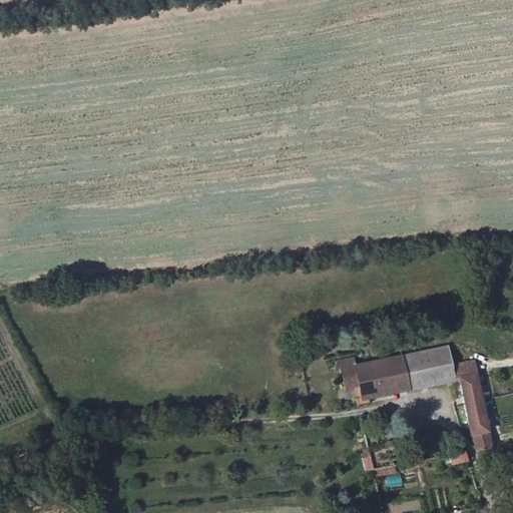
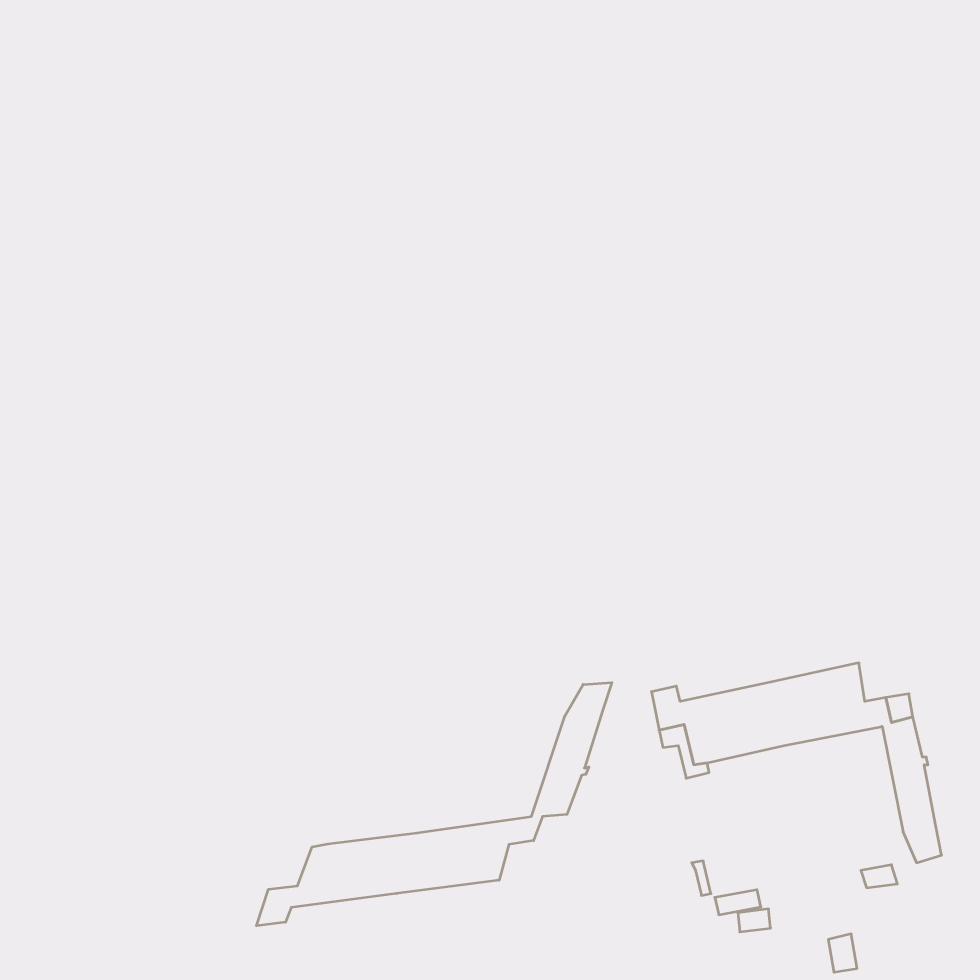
building: none -> [256,683,612,926]

